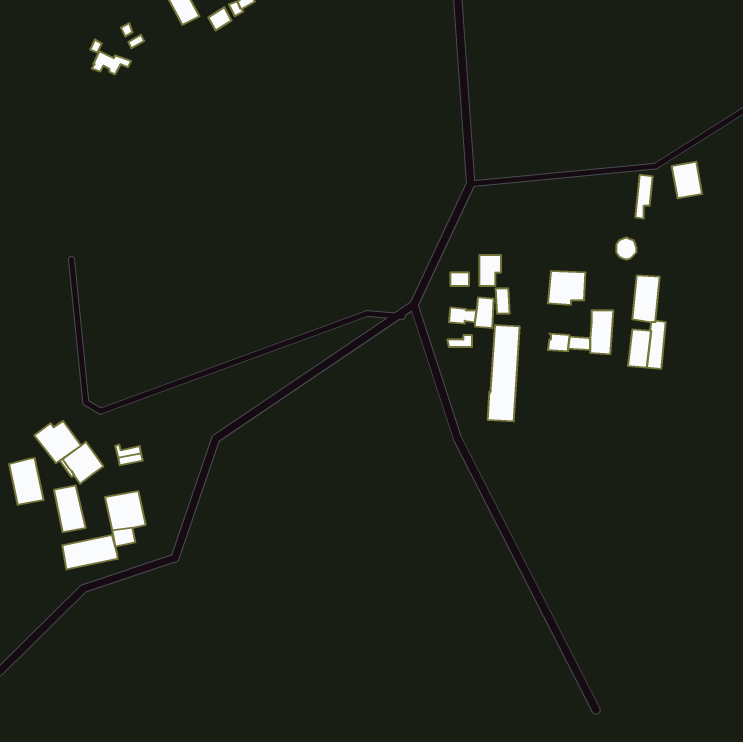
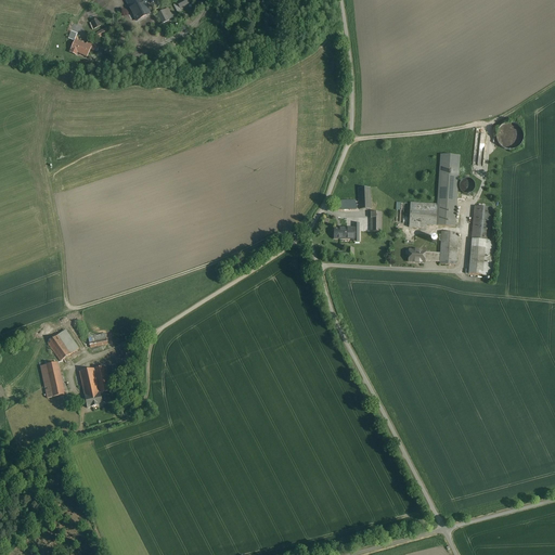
building: [488,325,520,421] -> [435,153,459,224]
building: [34,421,81,463] -> none
building: [9,458,44,505] -> none
building: [62,535,118,570] -> none

